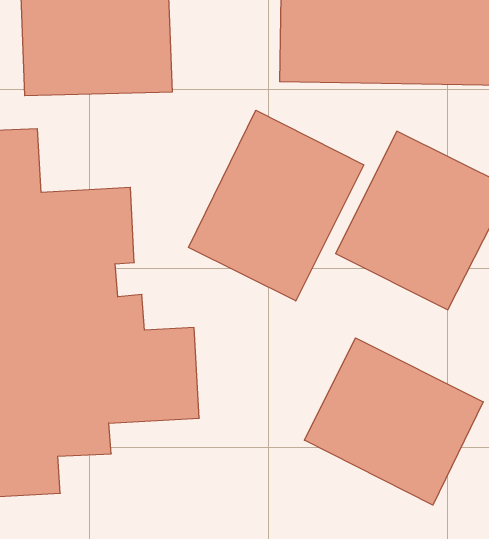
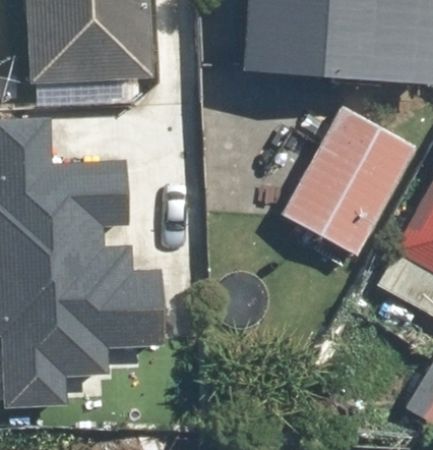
building: [189,110,364,301] -> none
building: [304,338,483,505] -> none

